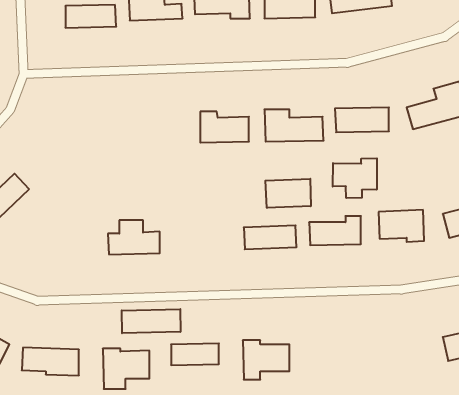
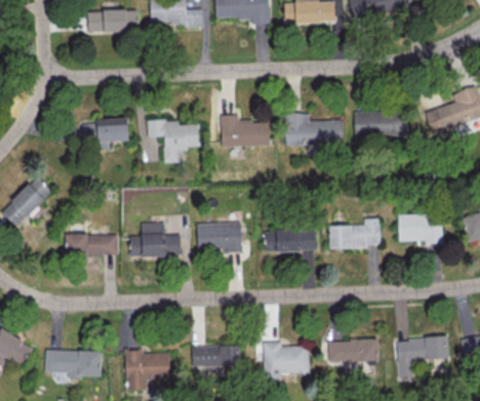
building: none -> [82,119,128,150]
building: none -> [147,119,199,163]
building: [333,158,377,198] -> none
building: [265,179,311,208] -> none
building: none -> [196,222,241,252]
building: none -> [65,234,117,260]
building: [122,309,180,333] -> none
building: none -> [396,336,448,378]
building: none -> [327,338,377,362]

